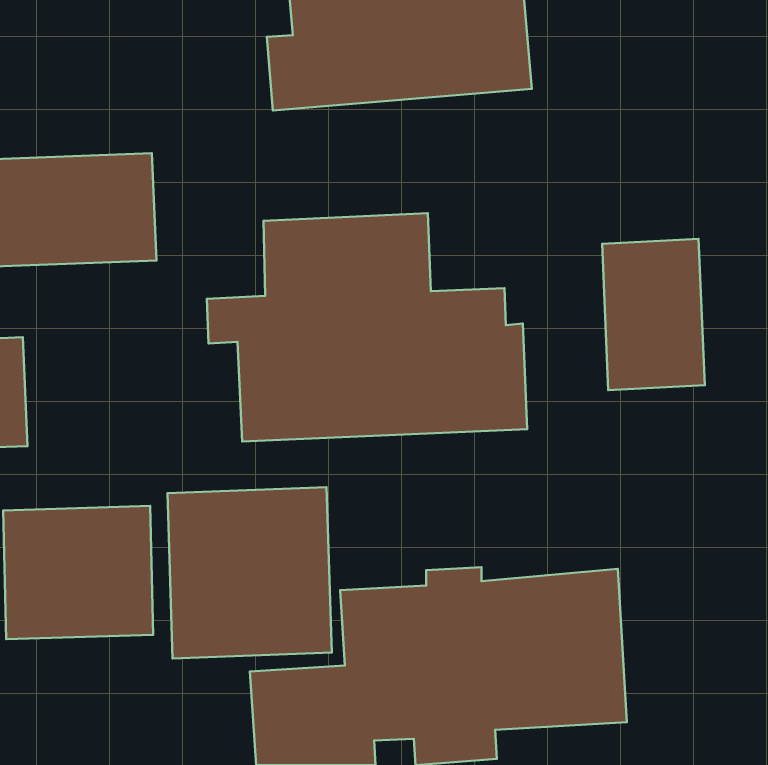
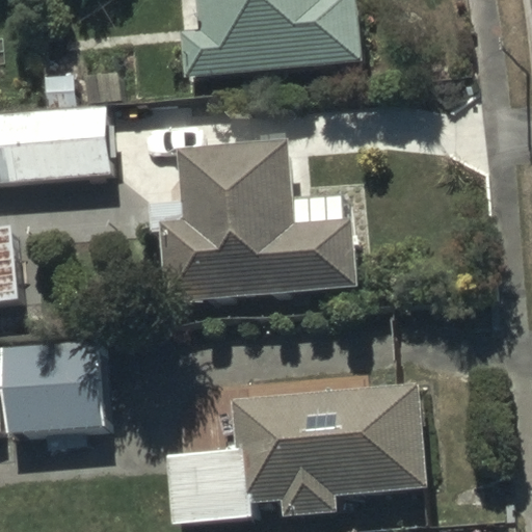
building: [602,239,705,390] -> none
building: [167,487,332,659] -> none

